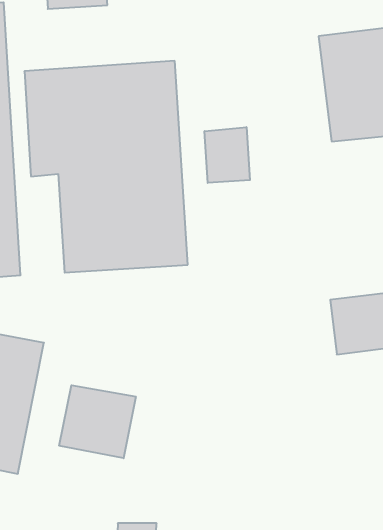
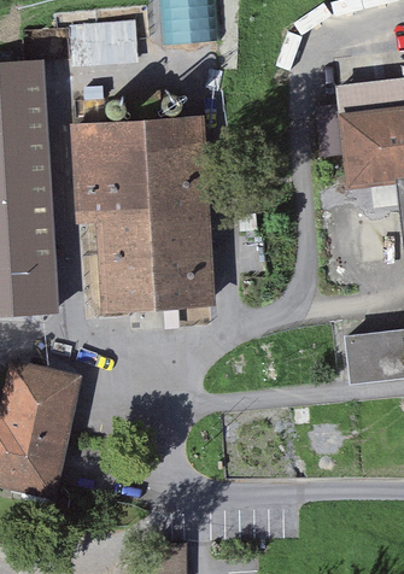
building: [205,127,250,183] -> none
building: [59,385,136,458] -> none

